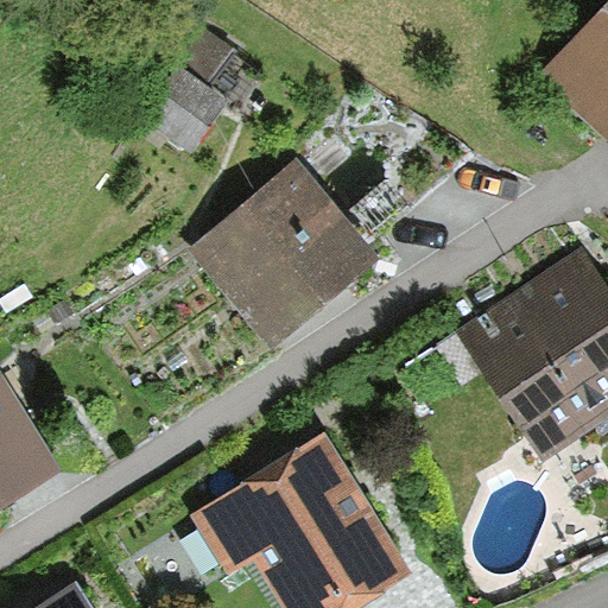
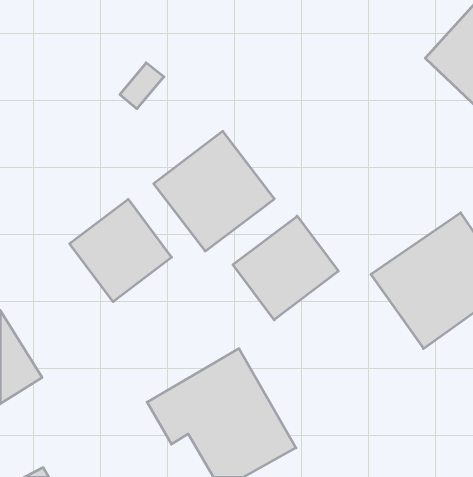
building: none -> [70,199,172,302]
building: none -> [233,216,338,320]

